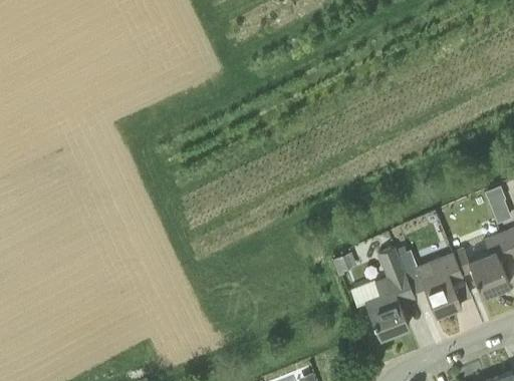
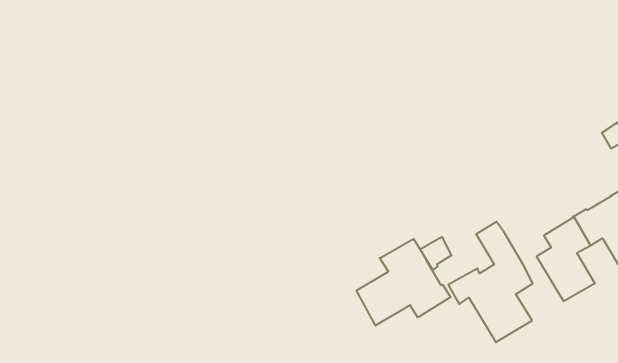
building: none -> [357,239,450,326]

